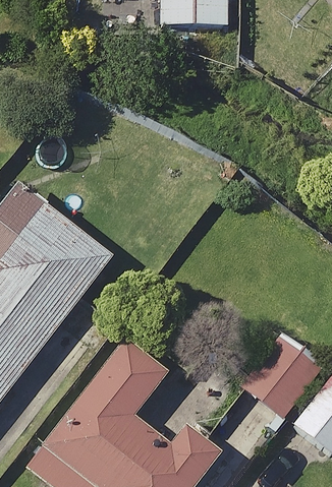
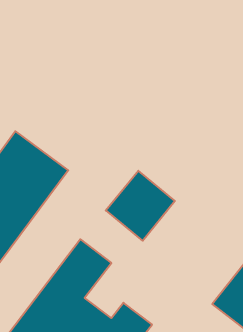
building: [232,327,319,415] -> [106,171,175,241]

